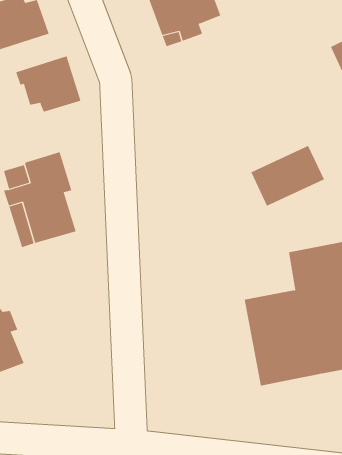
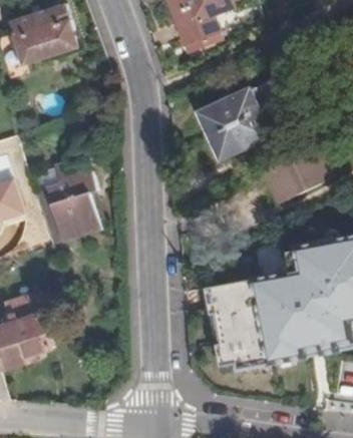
building: [16,56,81,113] -> none
building: none -> [200,83,280,160]
building: none -> [206,279,272,375]

